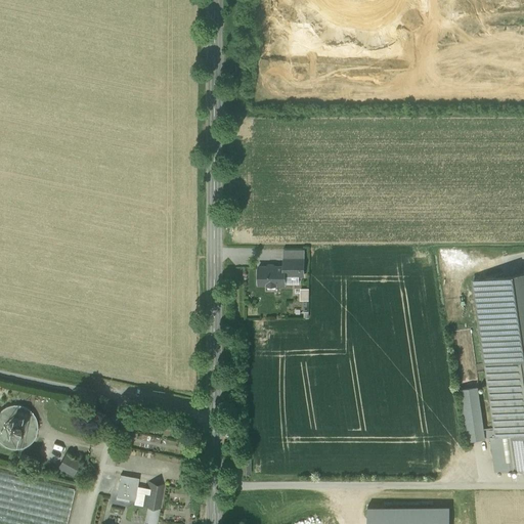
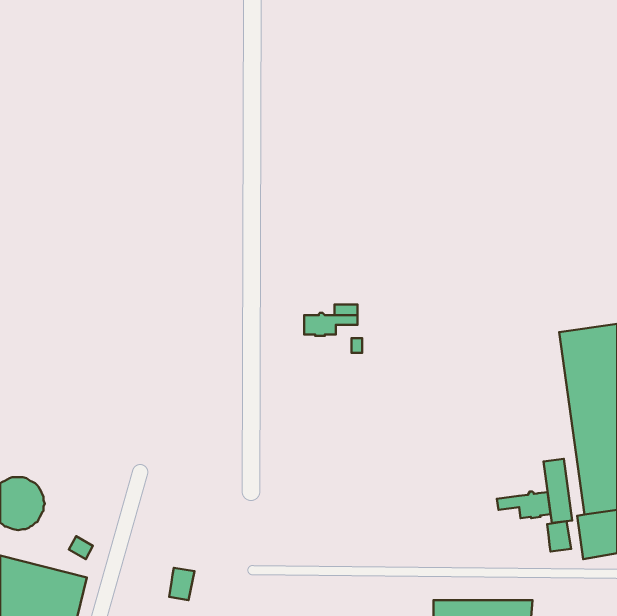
building: none -> [497,491,551,518]
building: none -> [547,521,571,552]
building: [116,475,146,507] -> none

